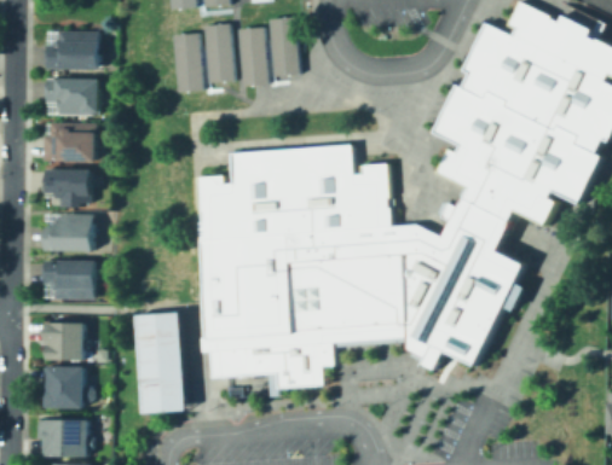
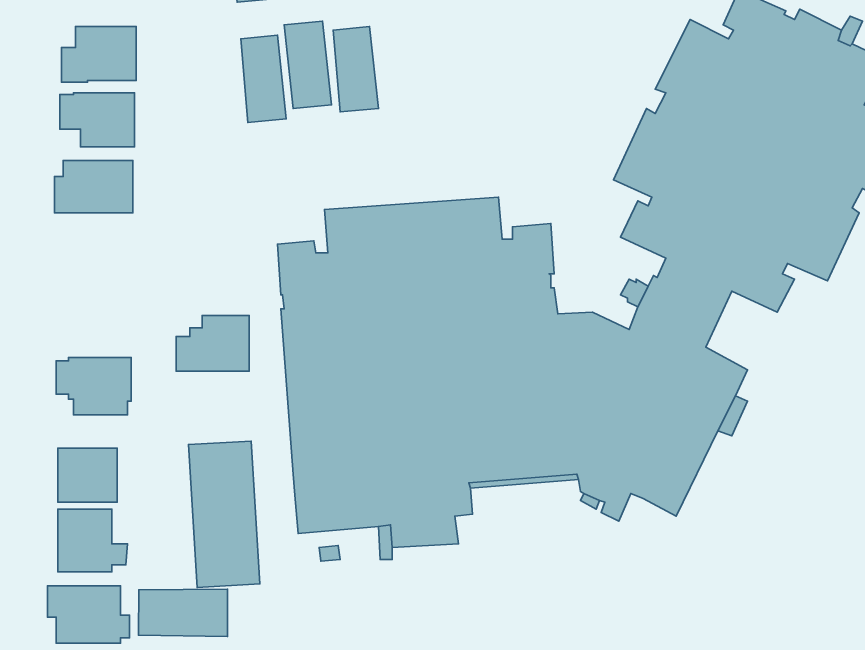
building: [267,18,299,79] -> none
building: [42,165,93,204] -> none
building: [42,213,93,251] -> [176,316,249,371]
building: none -> [139,589,228,637]

